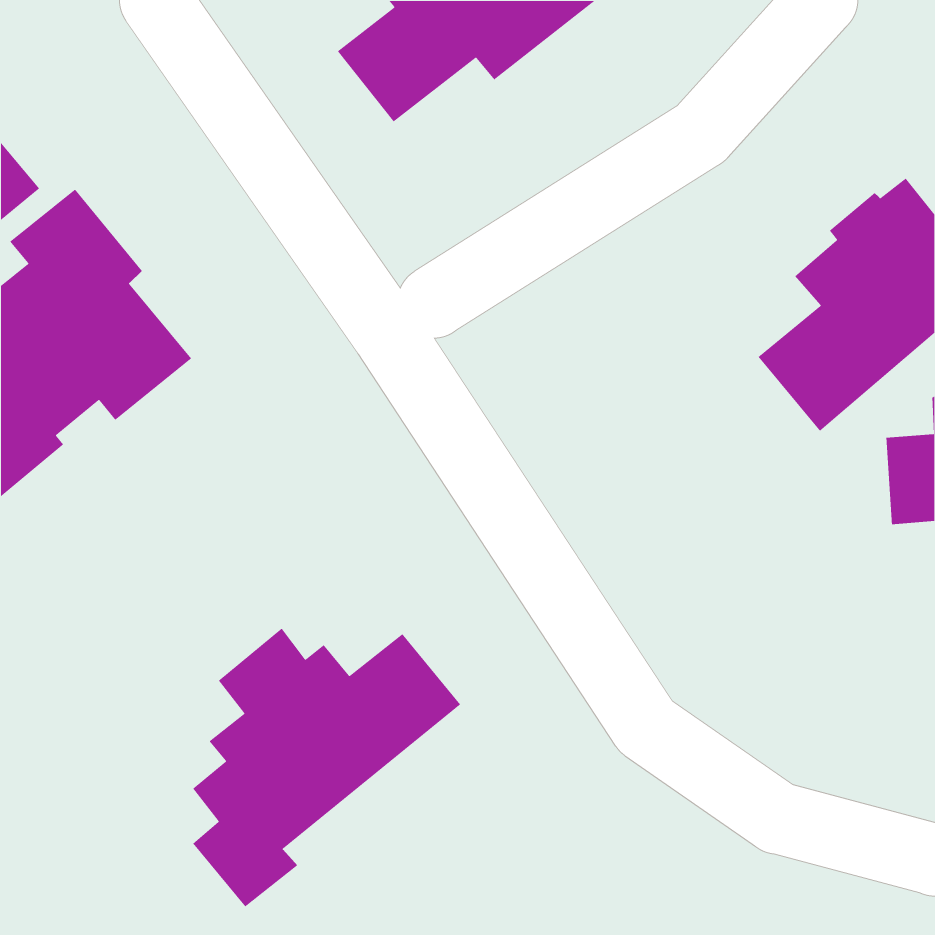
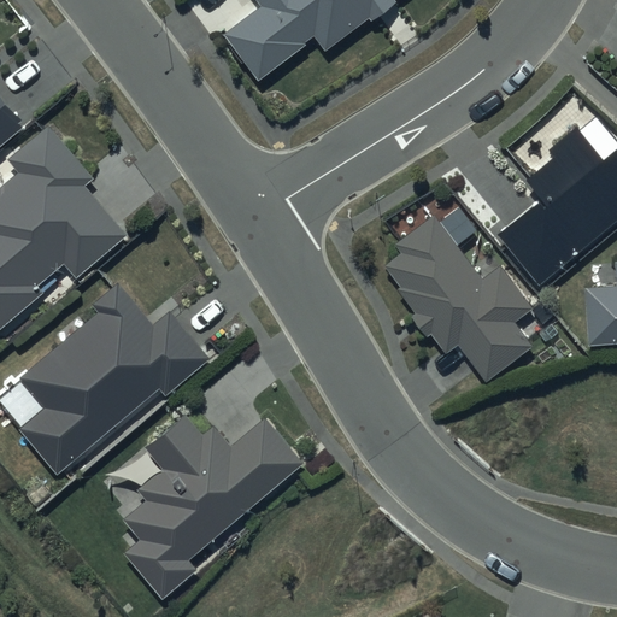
building: none -> [383,213,533,381]
building: none -> [20,284,210,474]

